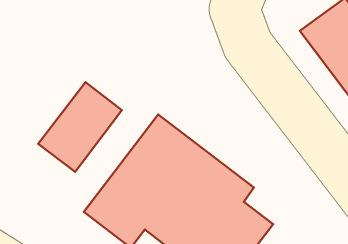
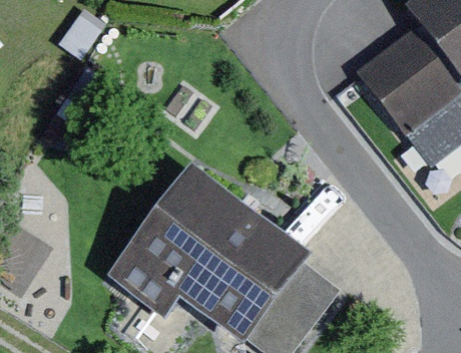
building: [38,82,122,172] -> none

